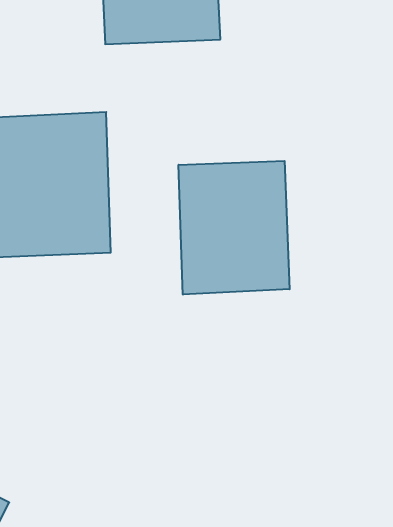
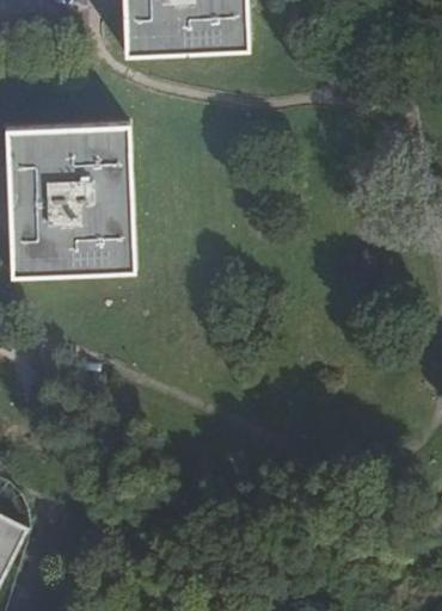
building: [179,161,290,295] -> none

